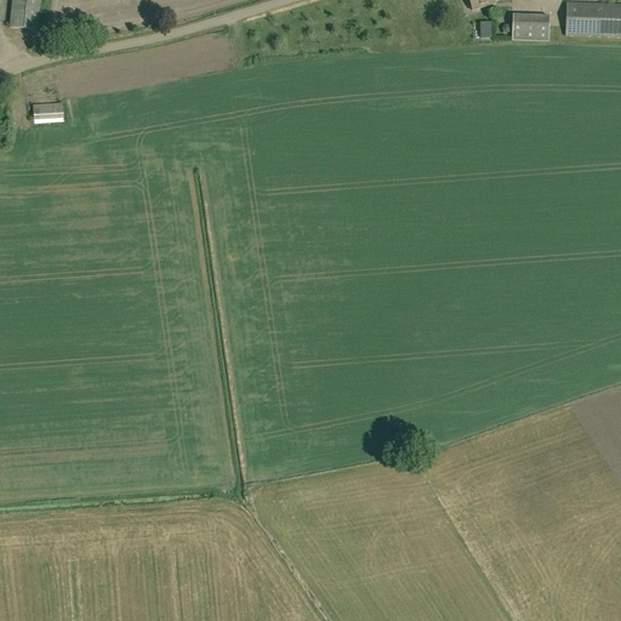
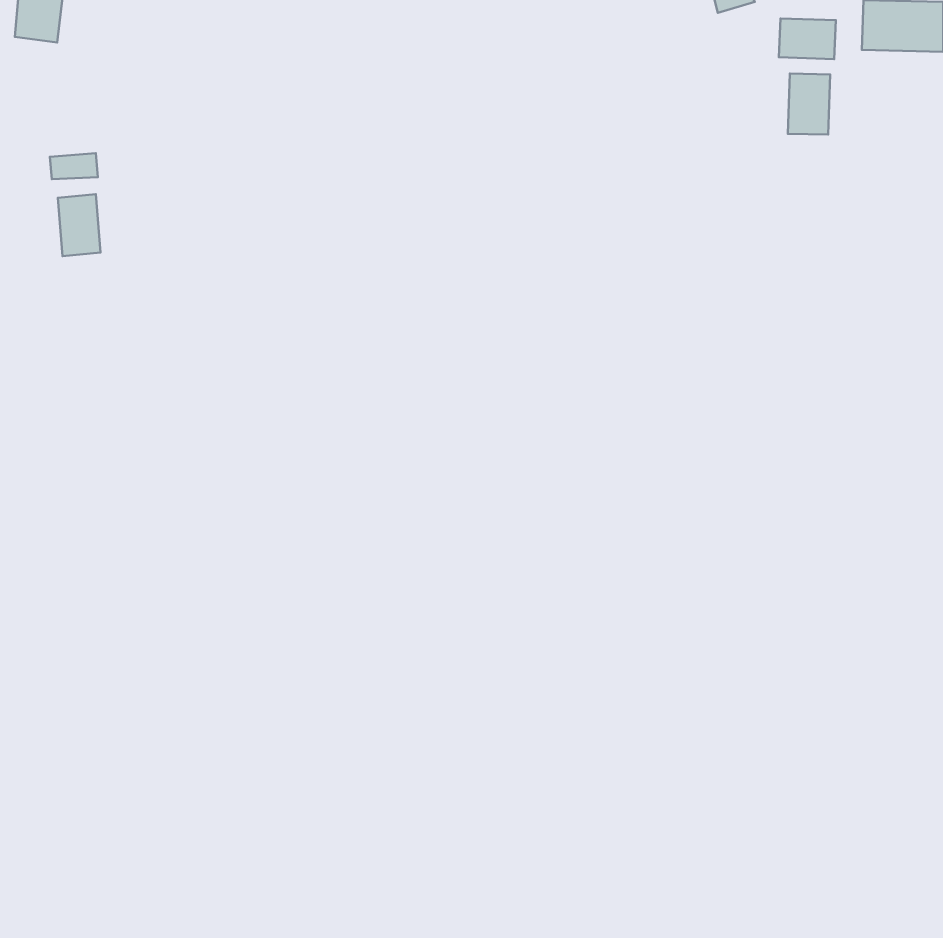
building: none -> [788,74,830,135]
building: none -> [58,194,101,256]

